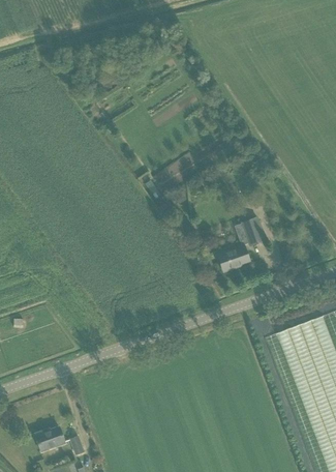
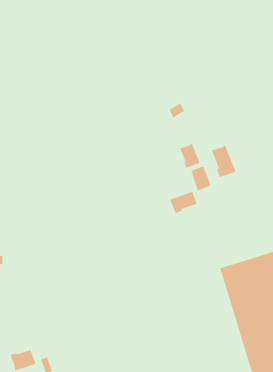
building: none -> [180,143,200,169]
building: none -> [211,144,236,178]

